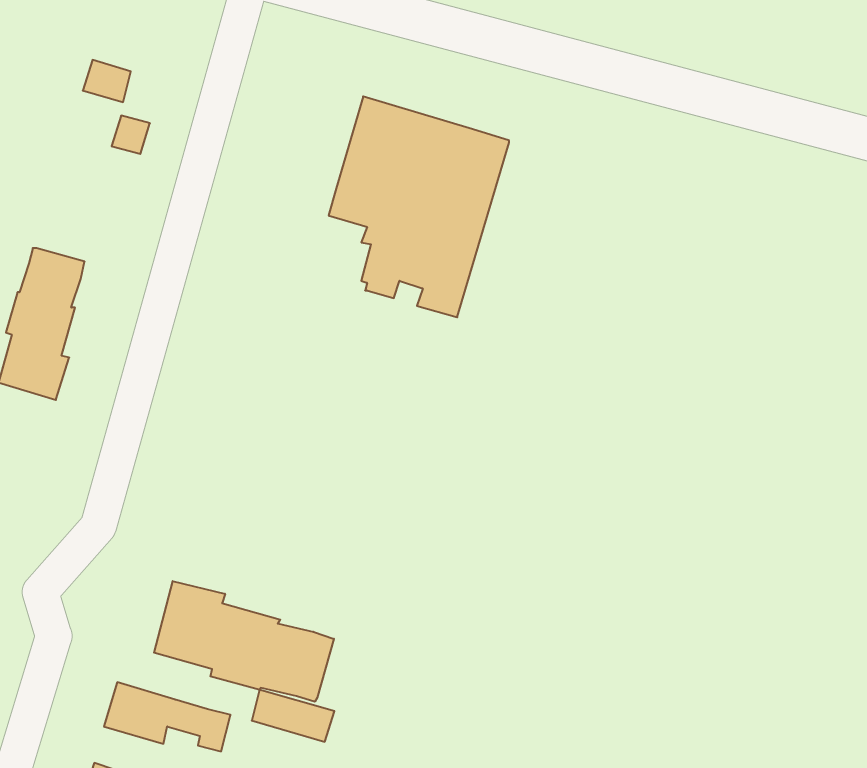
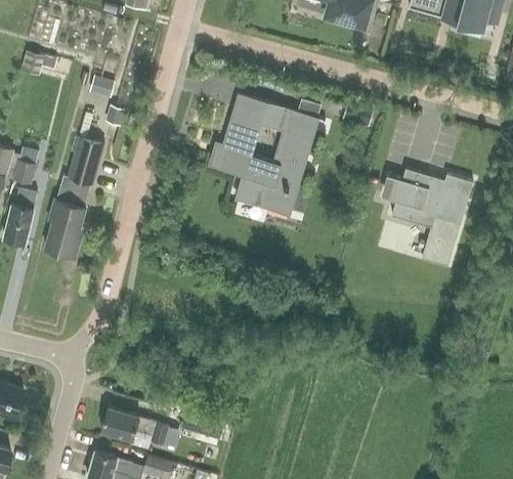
building: none -> [66,136,104,184]
building: none -> [381,169,473,266]
building: [154,581,334,702] -> none

